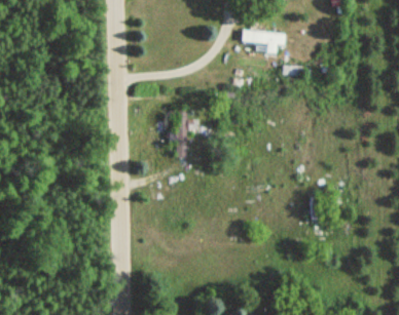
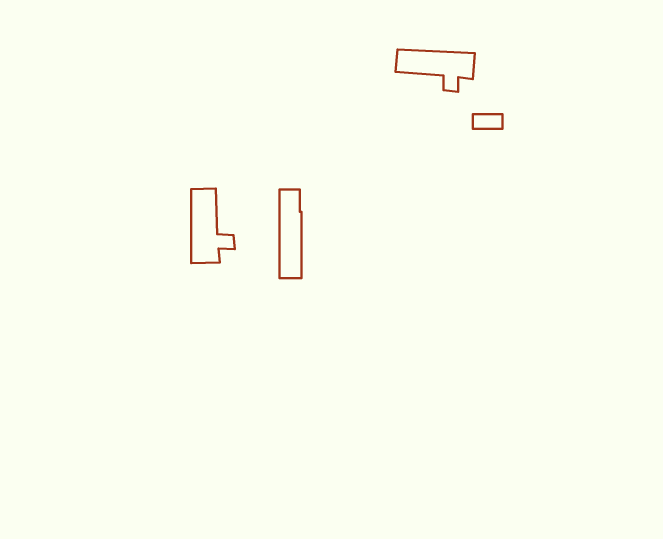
building: none -> [191,189,235,263]

